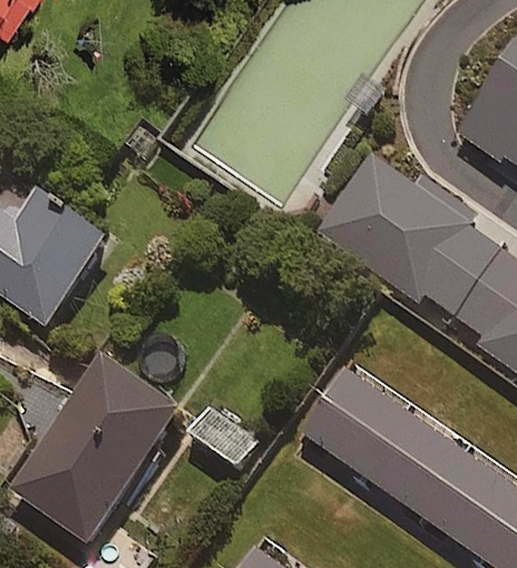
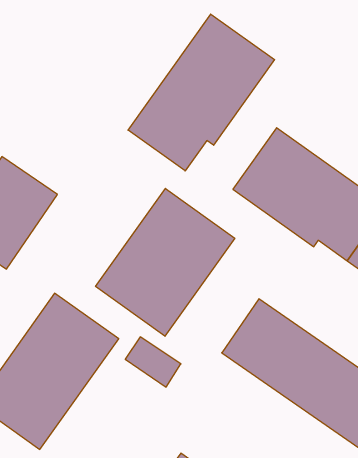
building: none -> [128,14,275,171]
building: none -> [96,188,235,336]

